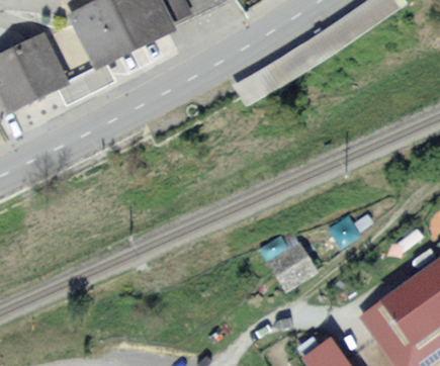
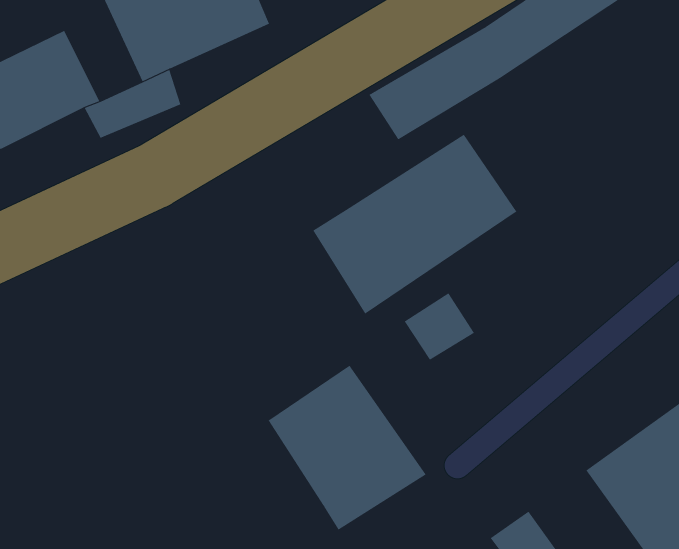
building: none -> [313,134,517,314]
building: none -> [268,365,426,531]
building: [274,246,319,288] -> [404,292,475,360]

